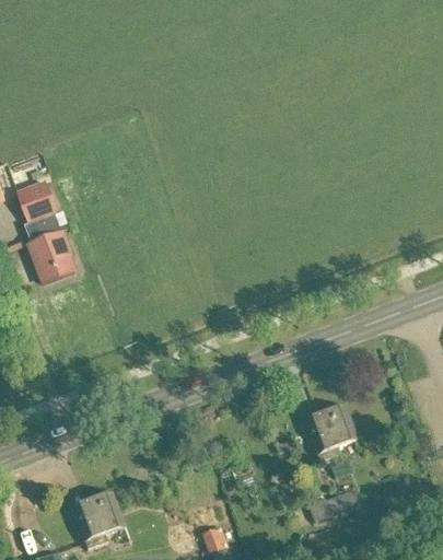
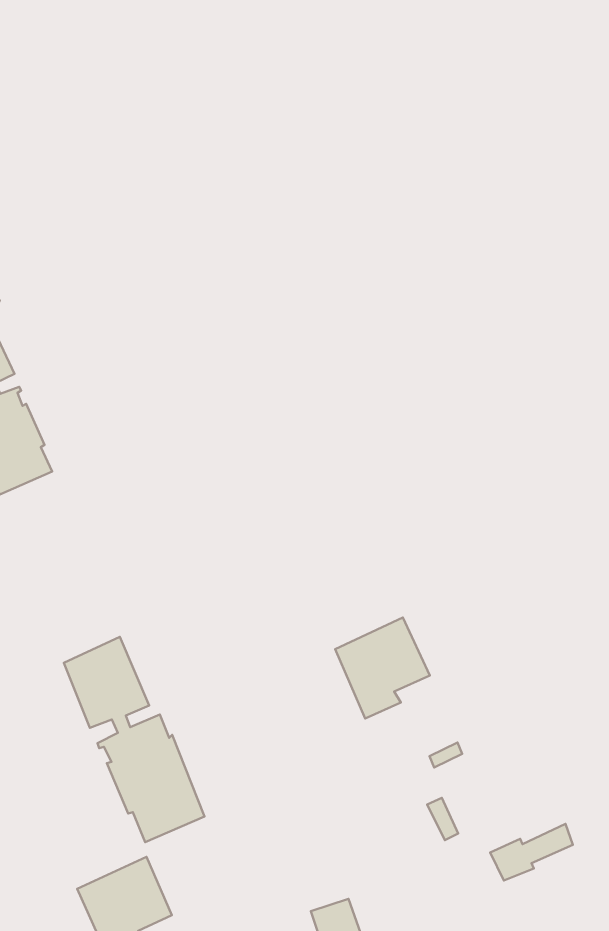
building: none -> [64,637,205,842]
building: [305,405,358,460] -> [335,618,430,719]

